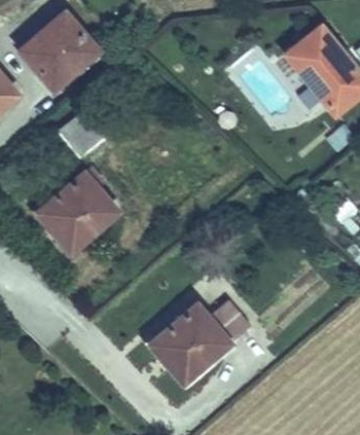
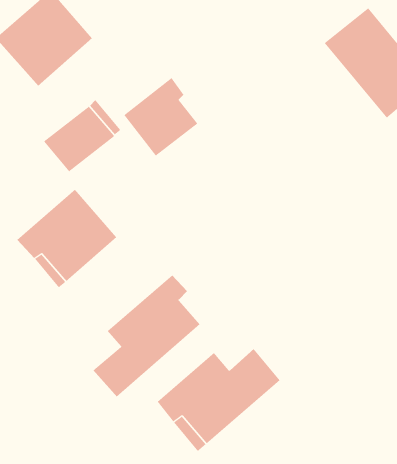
building: none -> [123,77,198,156]
building: none -> [92,274,200,397]

